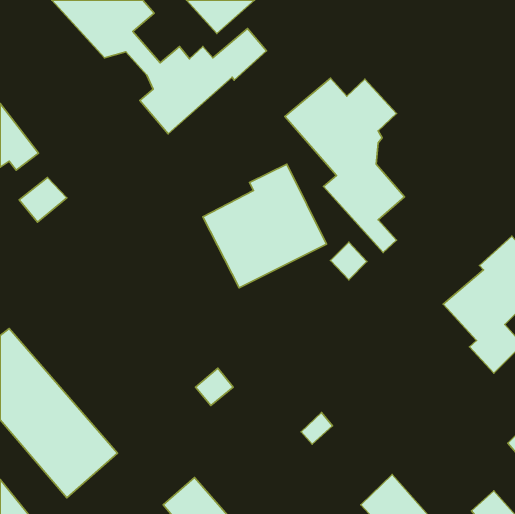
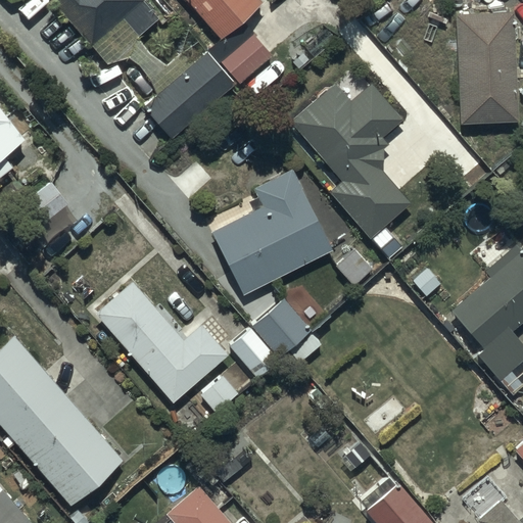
building: none -> [457,12,518,123]
building: none -> [95,281,229,402]
building: none -> [231,299,312,379]

